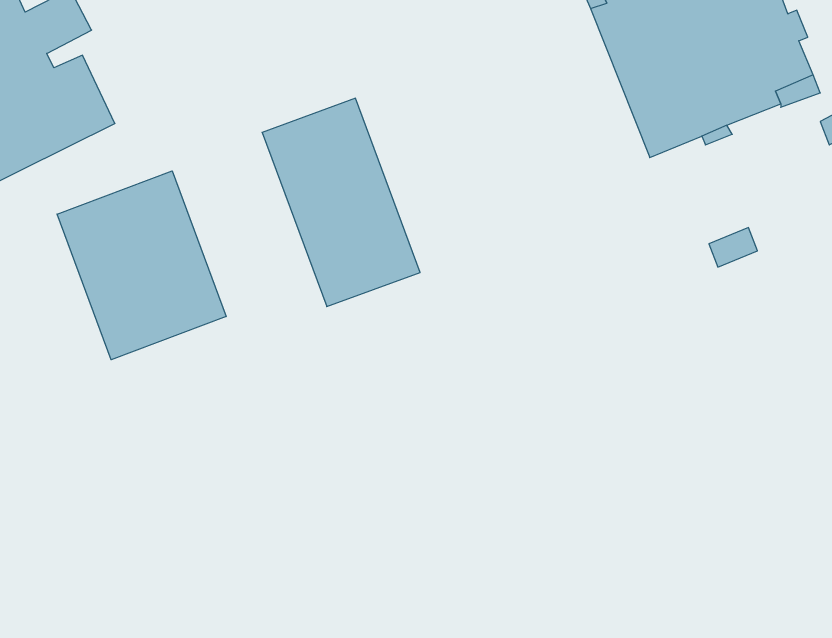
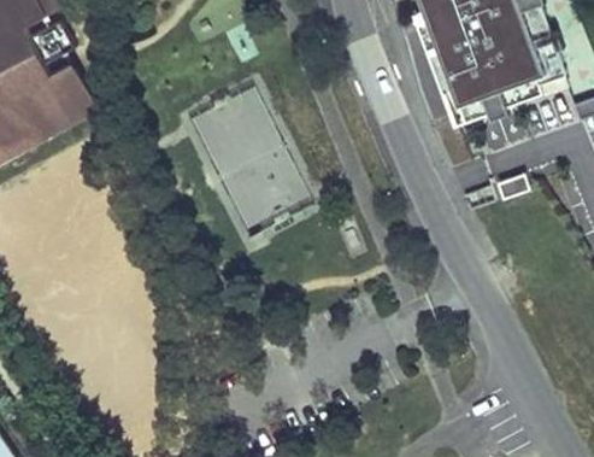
building: [57,171,226,360] -> none

